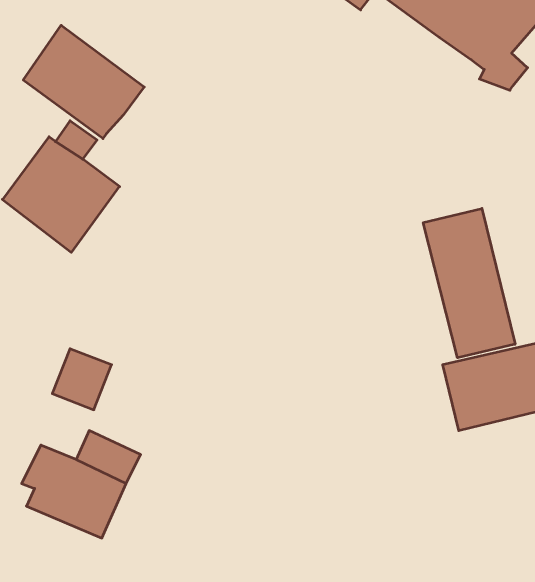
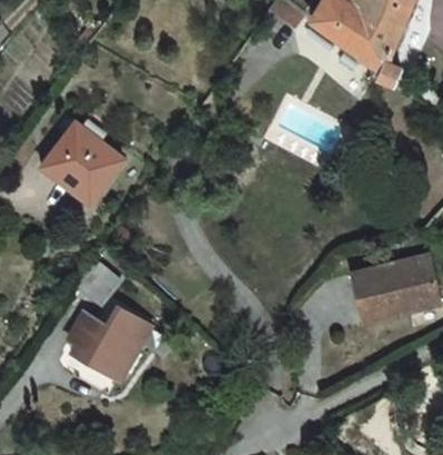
building: [23,25,144,139] -> none
building: [423,208,515,358] -> none

